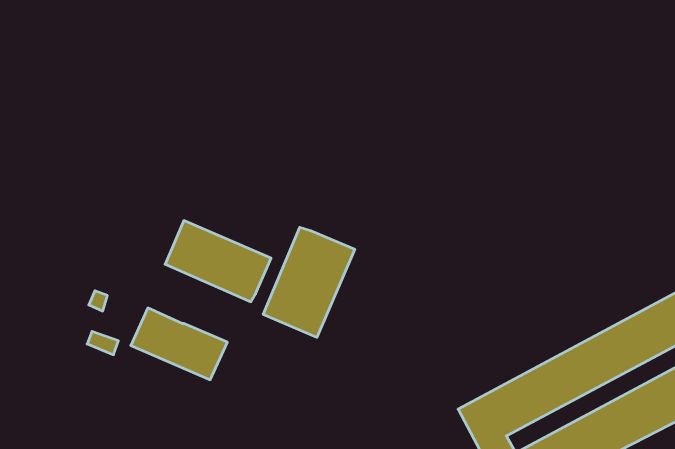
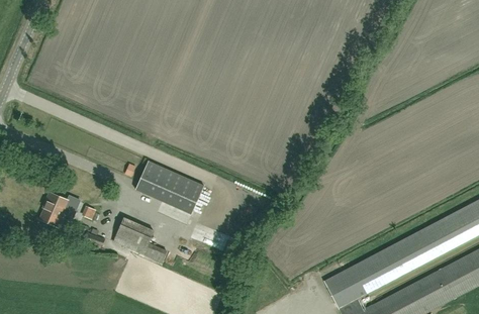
building: [263,227,355,337] -> none
building: none -> [39,193,76,226]

